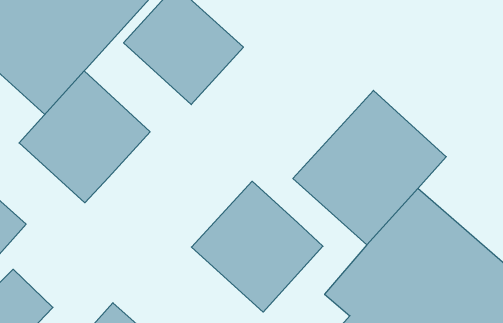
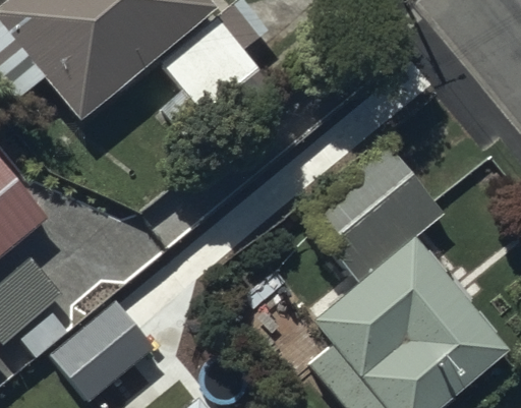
building: [19,71,150,203] -> none
building: [191,181,323,312] -> none

